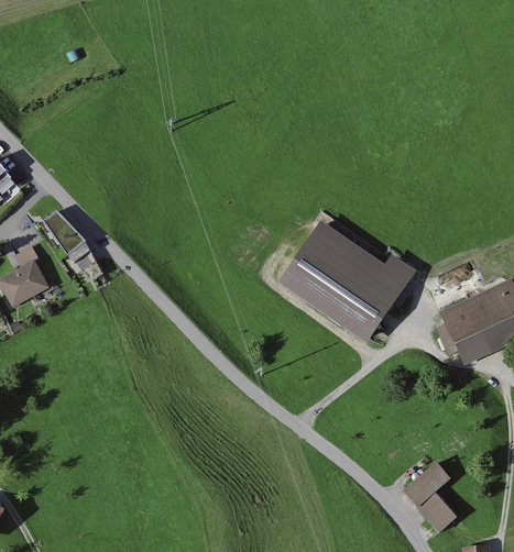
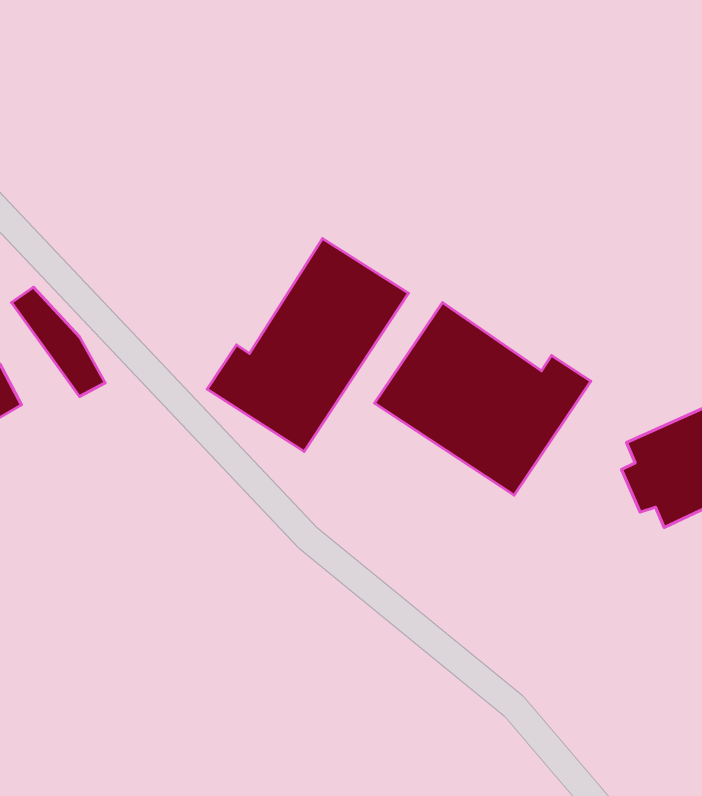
building: none -> [207,239,408,451]
building: [402,461,456,532] -> none

